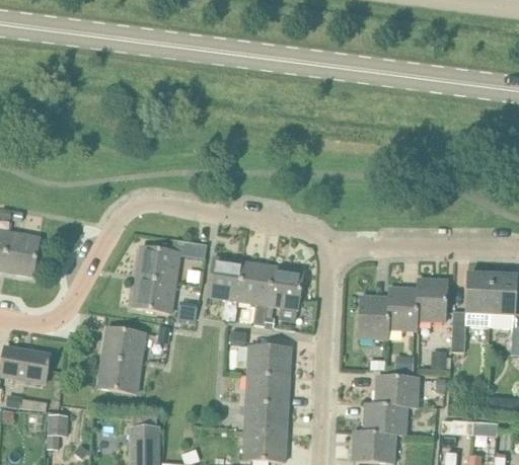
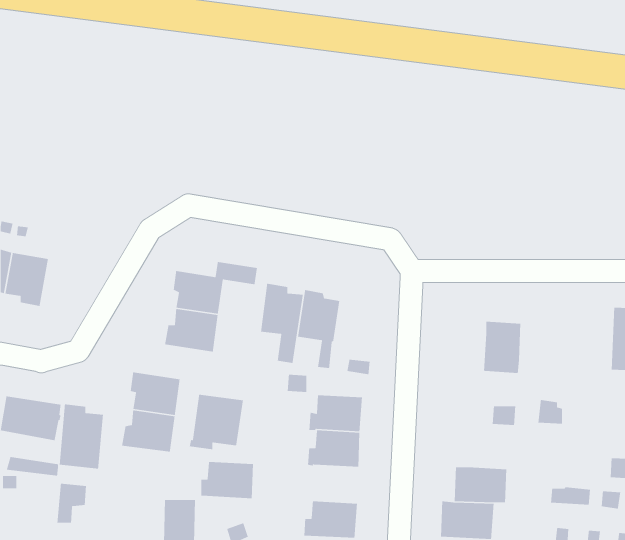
building: [268,268,304,309] -> none
building: [451,275,492,351] -> none
building: [417,279,447,319] -> none
building: [359,296,389,338] -> none
building: none -> [189,394,244,453]
building: none -> [59,403,104,469]
building: [375,375,418,405] -> none
building: [245,402,288,433] -> [201,461,254,499]

